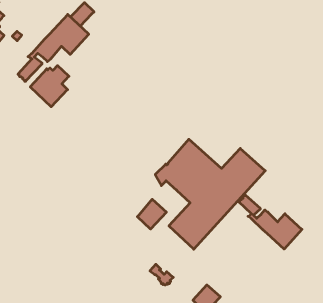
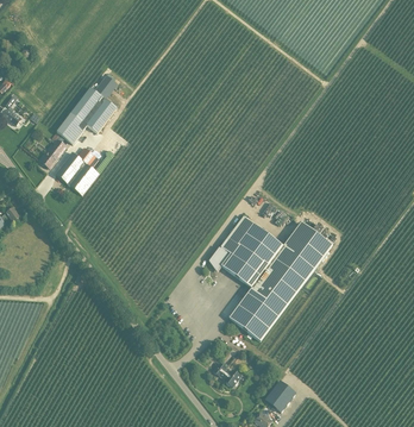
building: [239,195,302,249] -> none
building: [137,199,166,229] -> none

